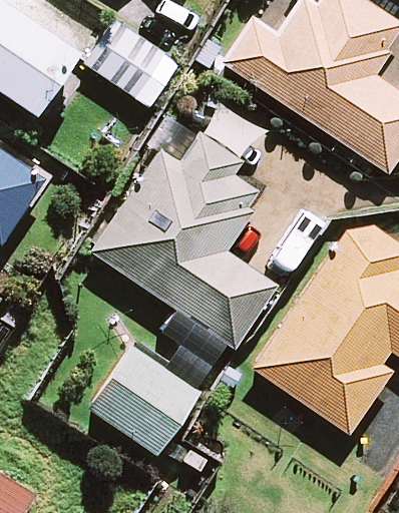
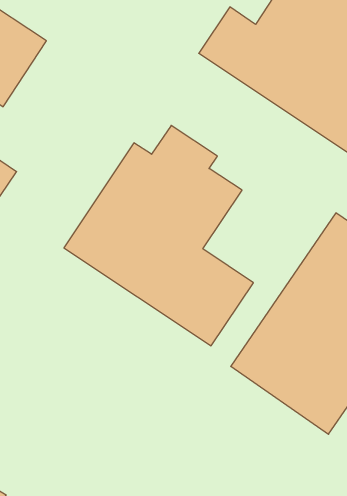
building: [85,18,179,105] -> none
building: [89,345,203,456] -> none

